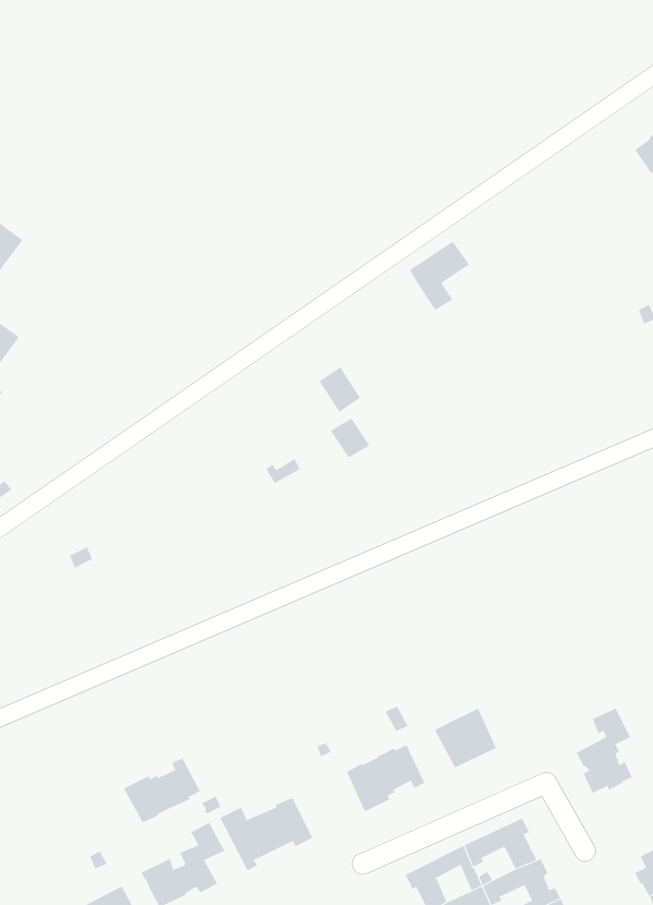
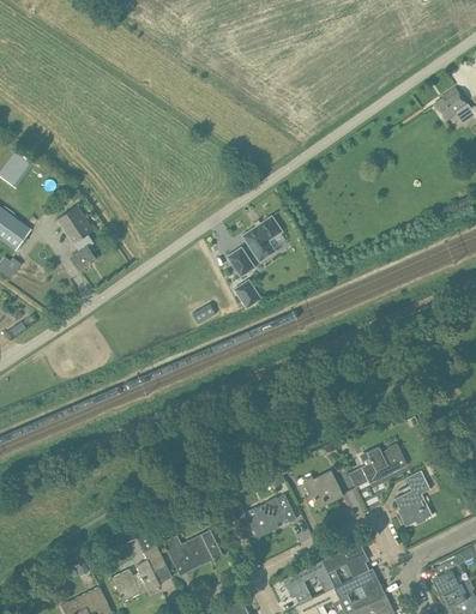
building: [409,241,470,310] -> [242,216,282,261]
building: none -> [56,206,96,270]
building: none -> [348,444,406,487]
building: [123,757,200,823] -> none

